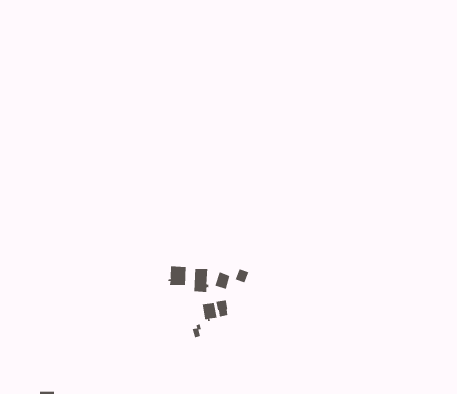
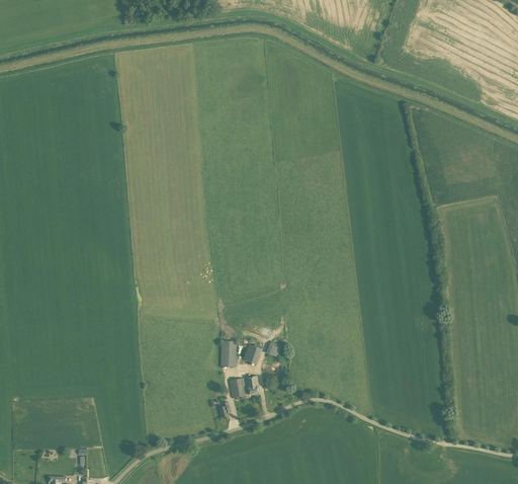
building: [168,265,186,286] -> none

